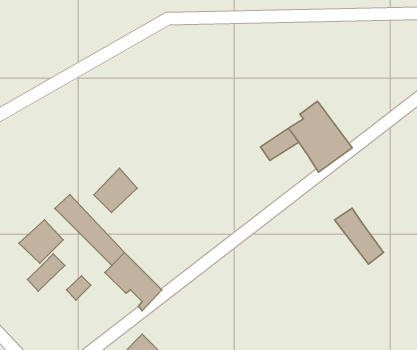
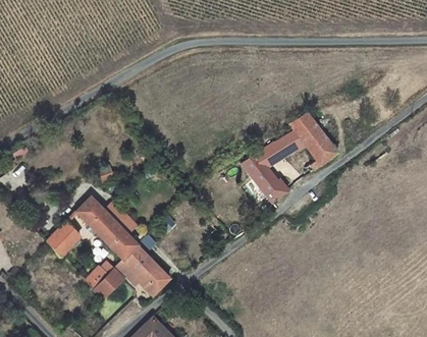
building: [94,168,137,213] -> none
building: [335,208,383,264] -> [243,155,285,204]
building: [28,254,65,291] -> [96,267,128,299]

